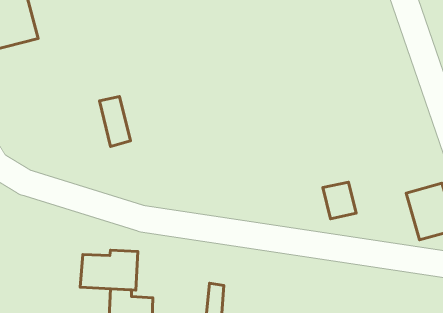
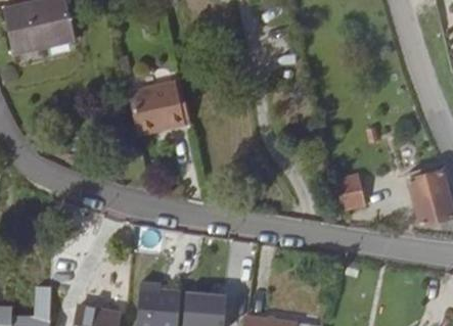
building: none -> [149,88,188,135]
building: [80,250,138,290] -> none

